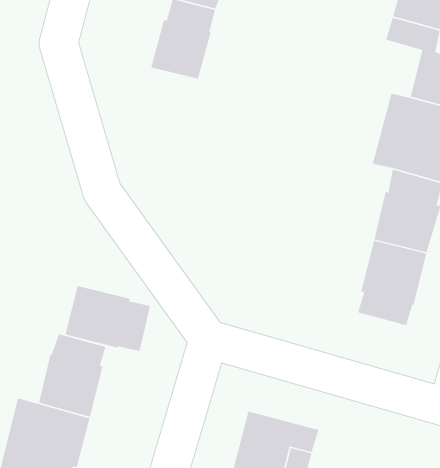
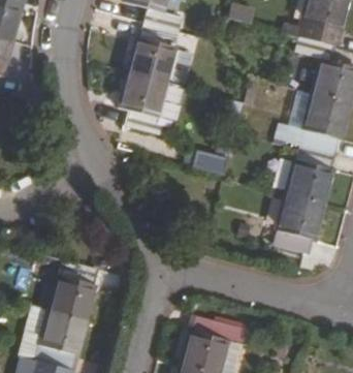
building: none -> [120,72,163,134]
building: [64,285,151,352] -> none

